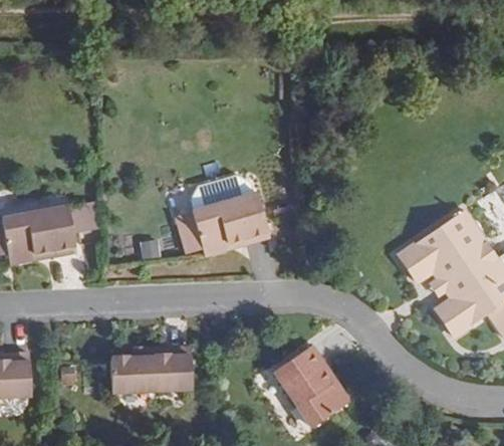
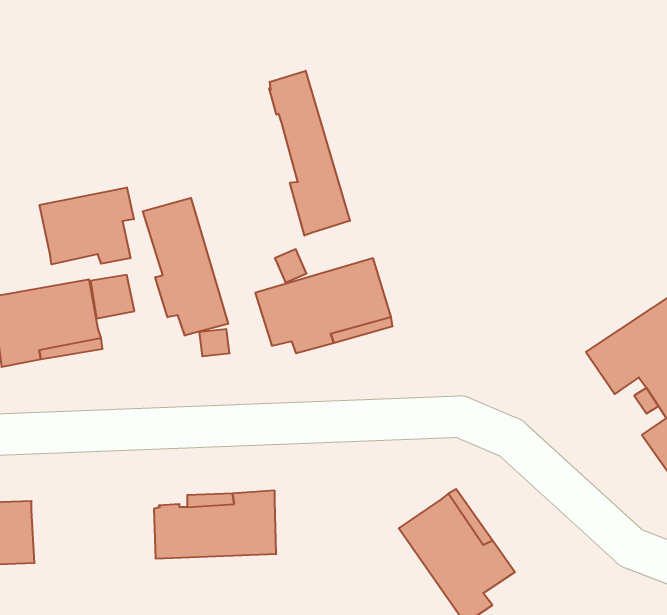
building: none -> [269,71,350,236]
building: none -> [40,187,134,264]
building: none -> [143,198,228,336]

